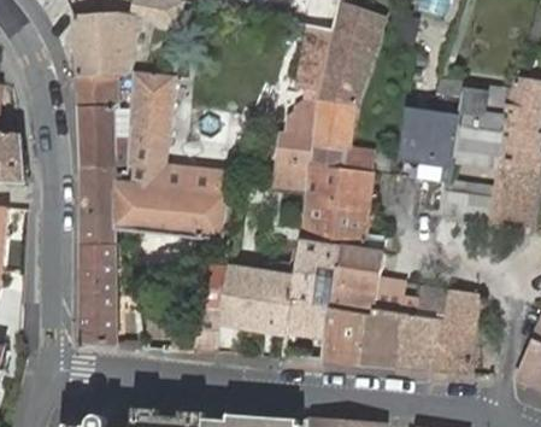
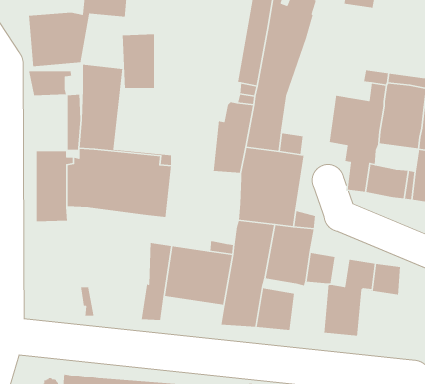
building: [77,106,113,166] -> [122,34,155,89]
building: [80,244,116,345] -> none
building: [357,310,398,365] -> none
building: [430,318,475,373] -> none

